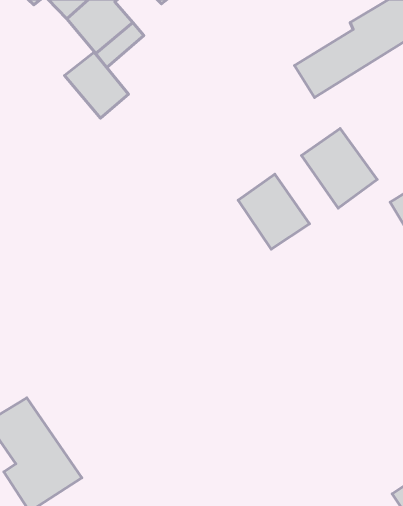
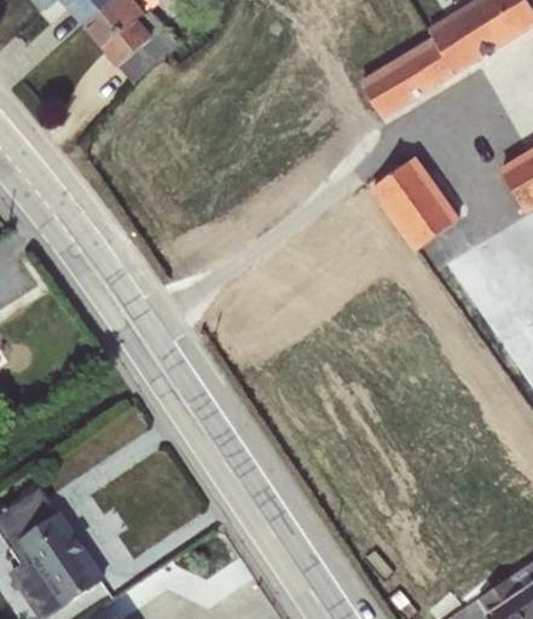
building: [65,52,129,118] -> none
building: [238,174,310,249] -> none

